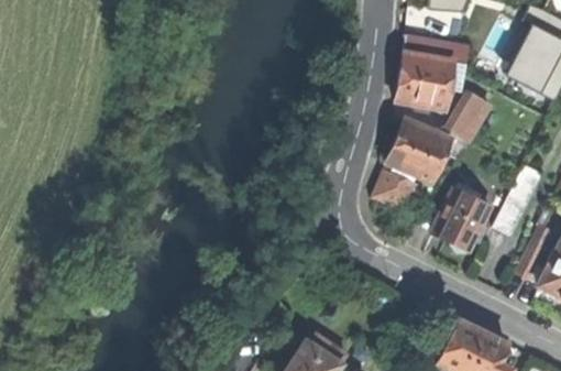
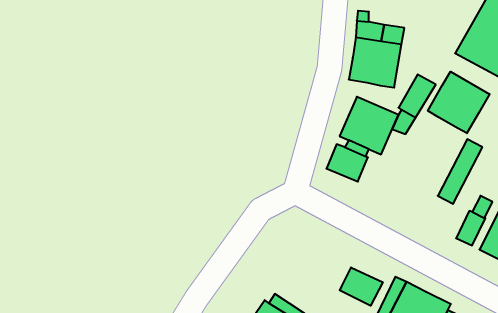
building: none -> [428,72,490,133]
building: [431,189,490,251] -> none
building: none -> [340,267,383,306]

